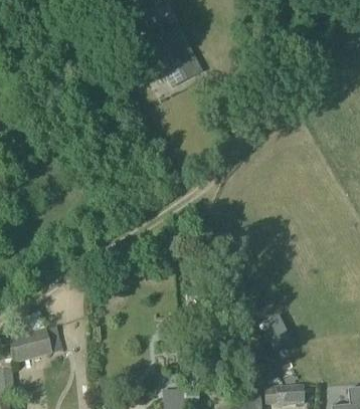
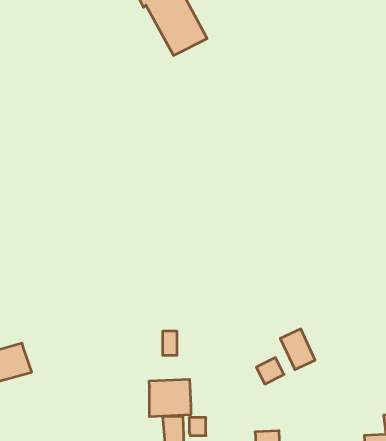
building: none -> [149,379,191,417]
building: [264,382,305,403] -> none

